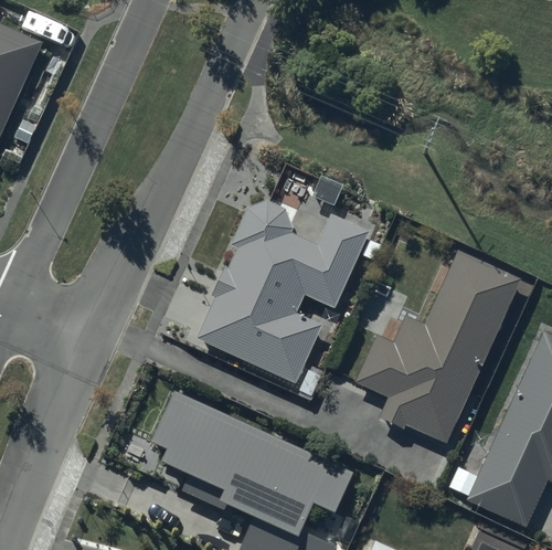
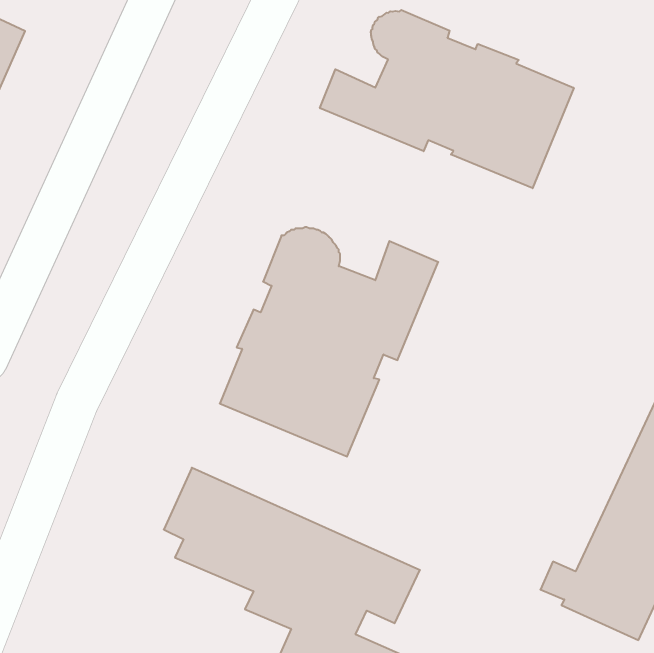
building: none -> [320,10,574,188]
building: [355,252,521,444] -> none

